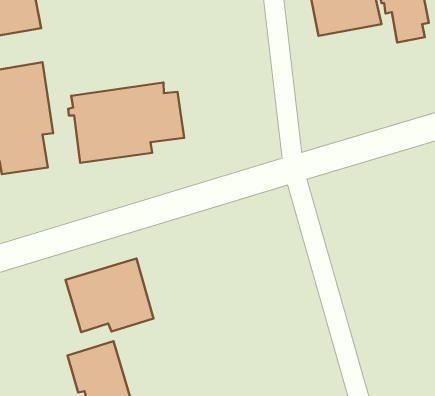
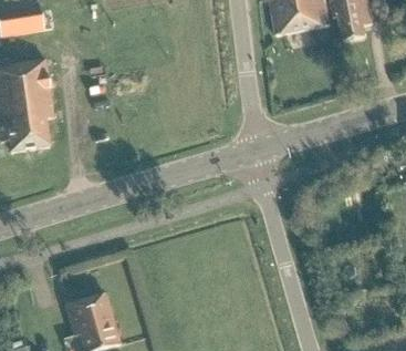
building: [68,82,184,163] -> none
building: [65,259,153,332] -> none

